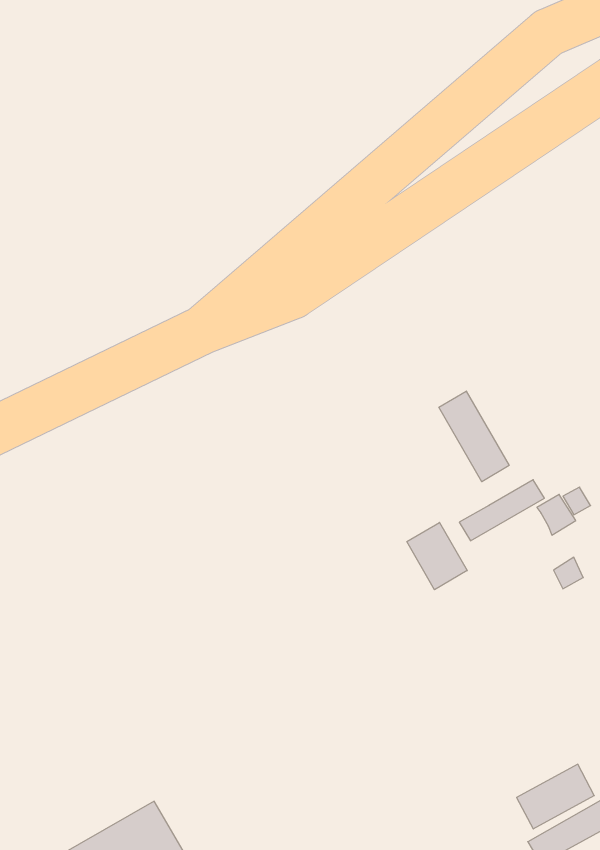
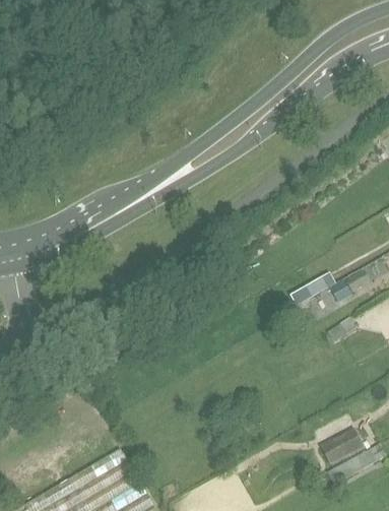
building: [439,391,509,482] -> none
building: [407,522,467,590] -> none

